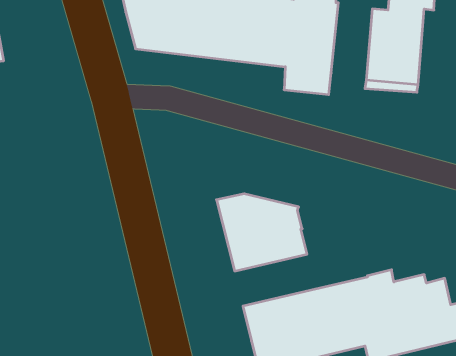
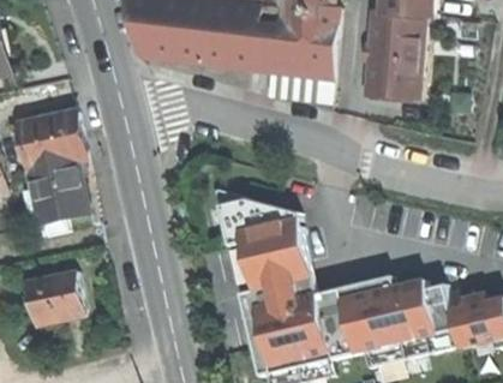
building: none -> [16,109,85,221]
building: none -> [236,259,316,311]
building: none -> [25,267,85,325]

